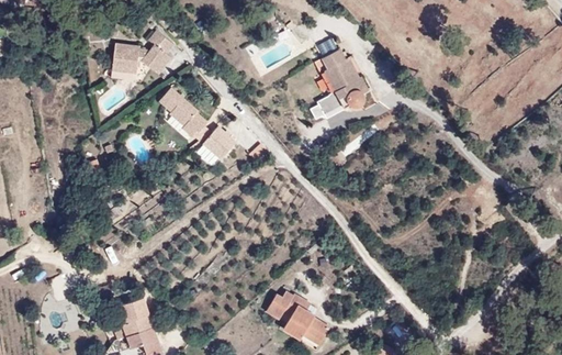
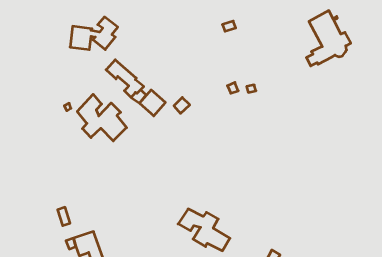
building: [314,43,372,115] -> [306,11,351,66]
building: none -> [77,94,127,141]

